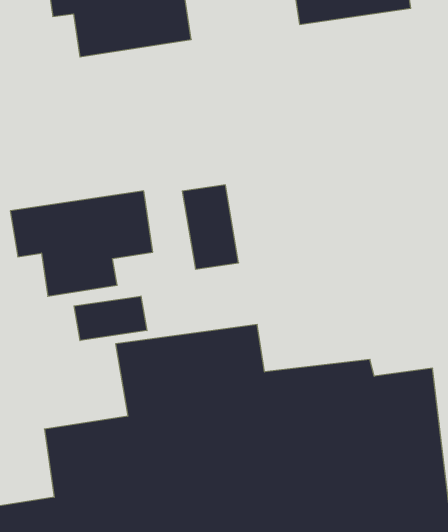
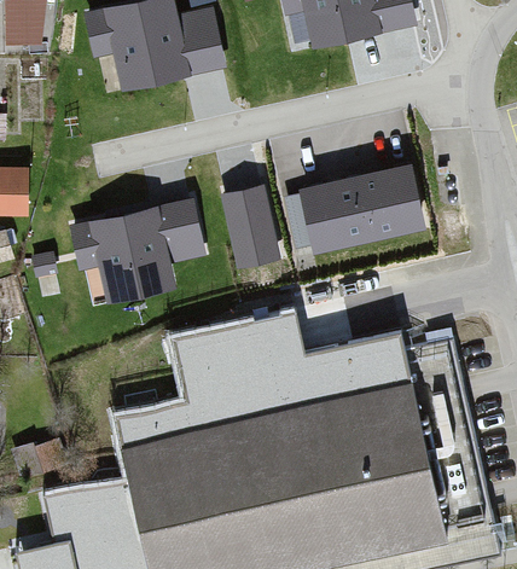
building: none -> [302,169,413,250]
building: [74,296,147,341] -> none

